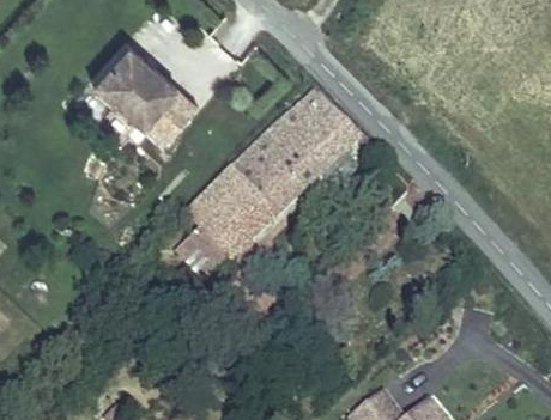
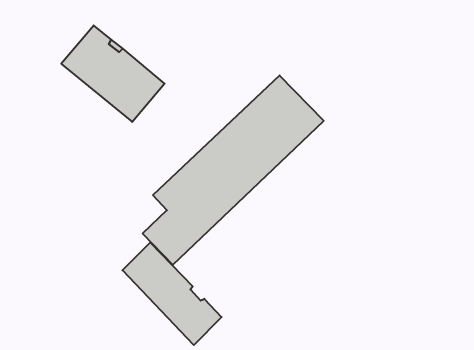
building: none -> [122,242,222,345]

